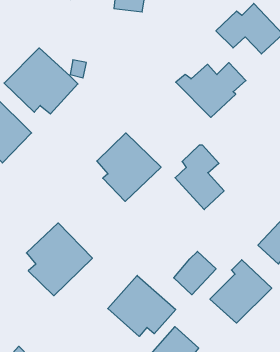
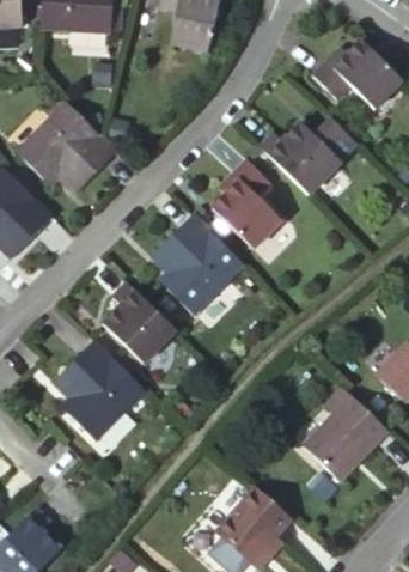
building: [175,145,224,210] -> [207,165,275,255]
building: none -> [103,282,173,359]
building: [174,251,216,295] -> none
building: [108,275,176,336] -> none

